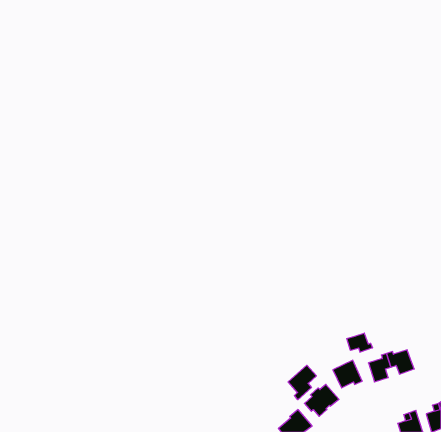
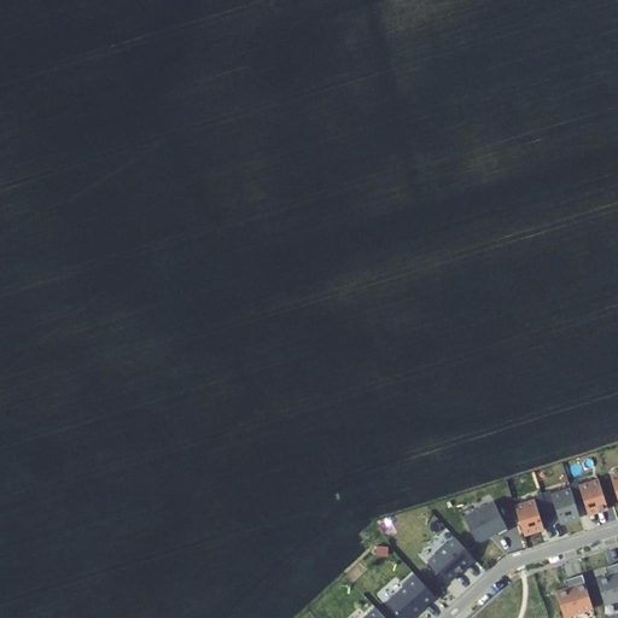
building: [347,333,372,352] -> none
building: none -> [567,480,606,513]
building: [288,365,316,400] -> none

